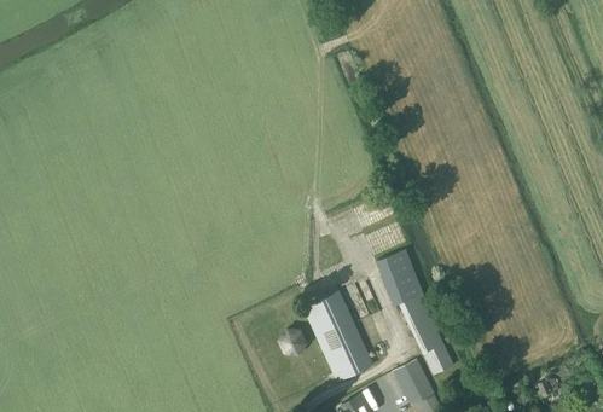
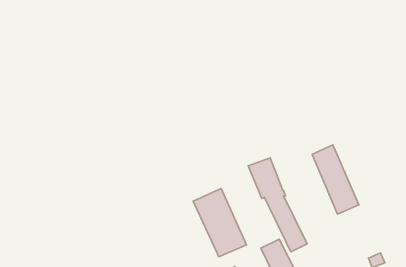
building: none -> [312,145,359,214]

